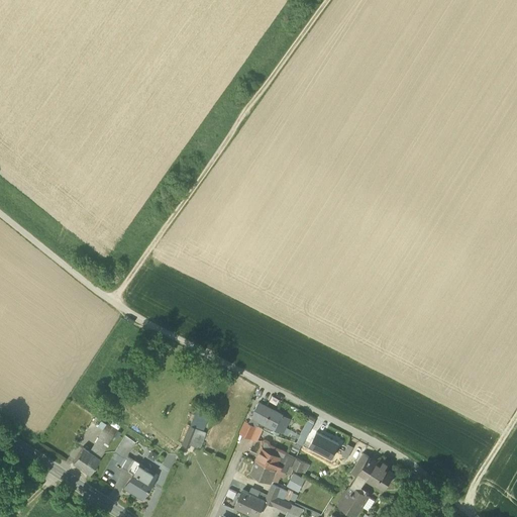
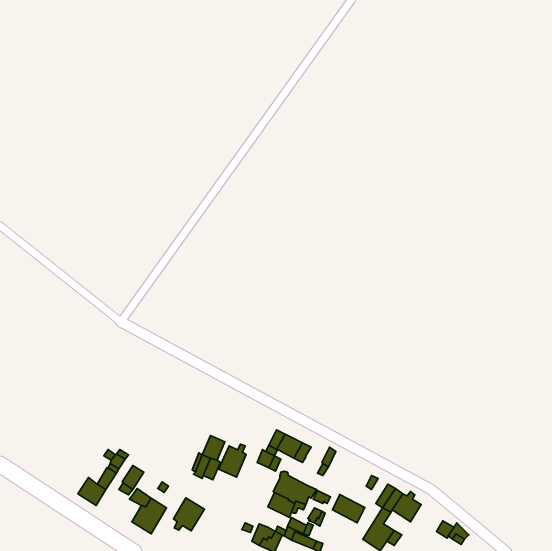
building: none -> [218,444,246,477]
building: [309,432,339,458] -> [332,495,365,523]
building: none -> [173,498,205,531]

